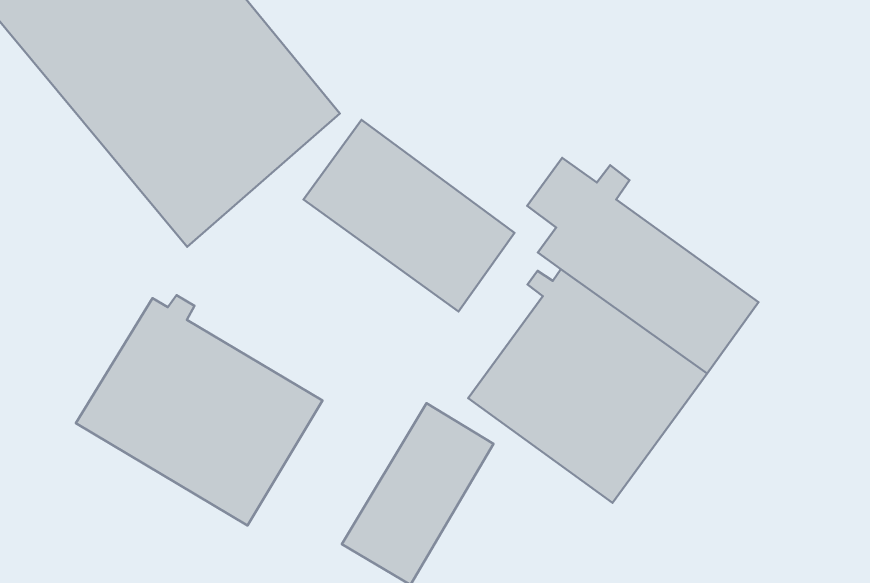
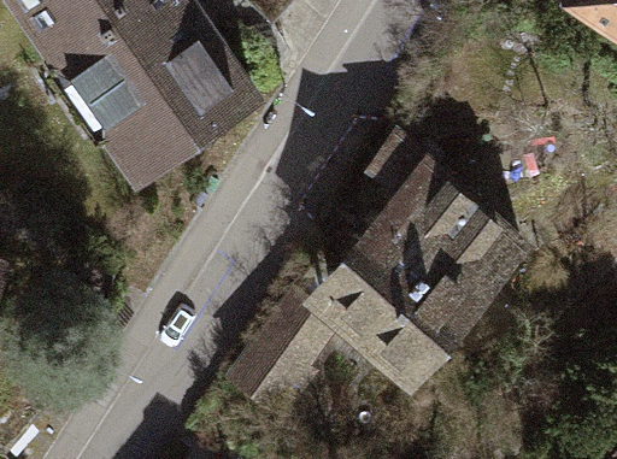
building: [303,120,514,312] -> none
building: [76,295,323,525] -> none

